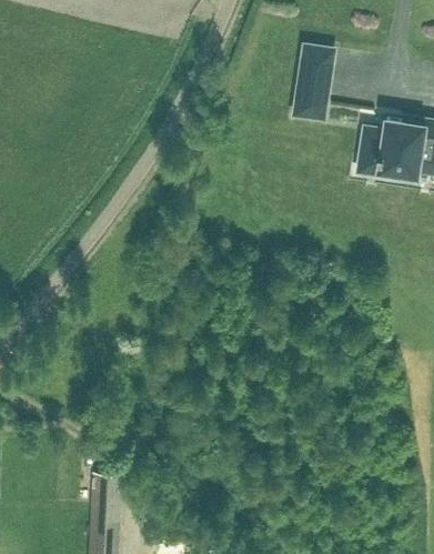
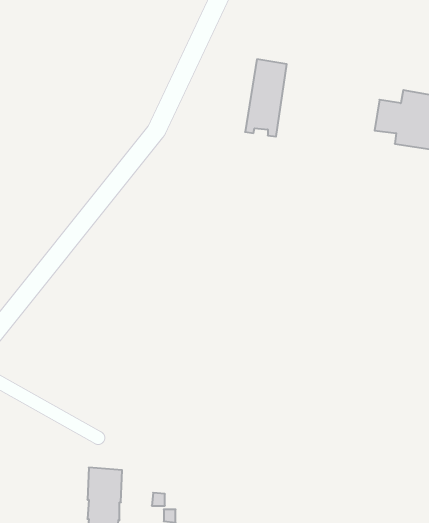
building: [292,49,331,121] -> [245,59,287,137]

